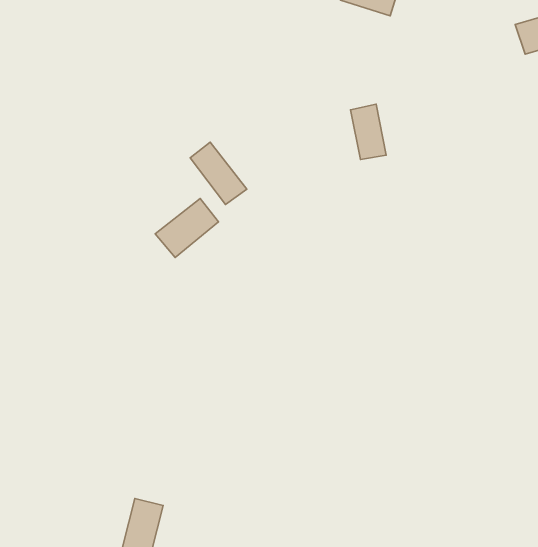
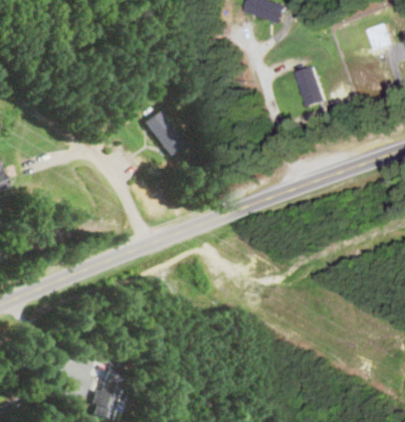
building: [351,104,386,160] -> [299,66,325,106]
building: [155,199,218,257] -> none

